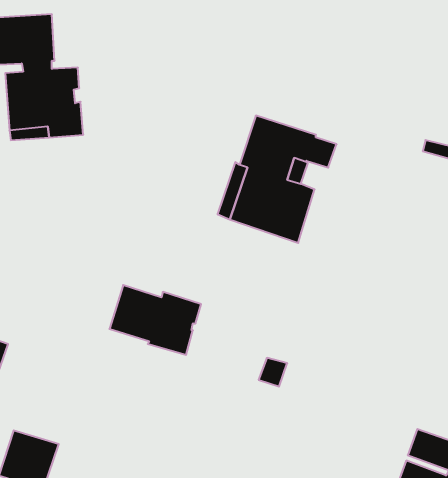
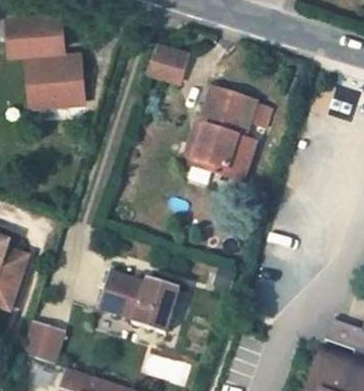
building: none -> [146,44,188,83]
building: [109,285,201,355] -> [100,270,168,322]

